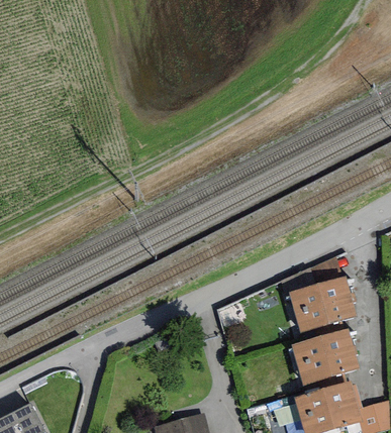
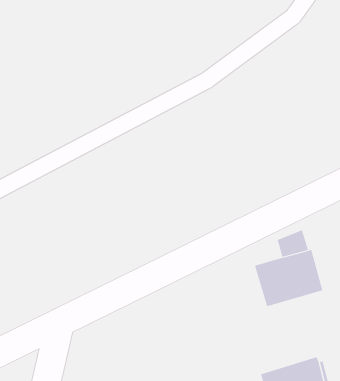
building: [291,329,359,386] -> none

